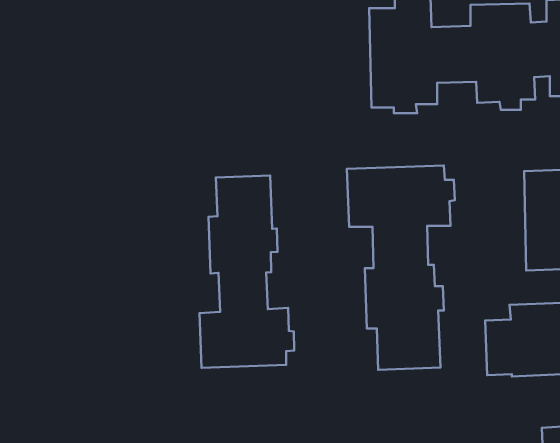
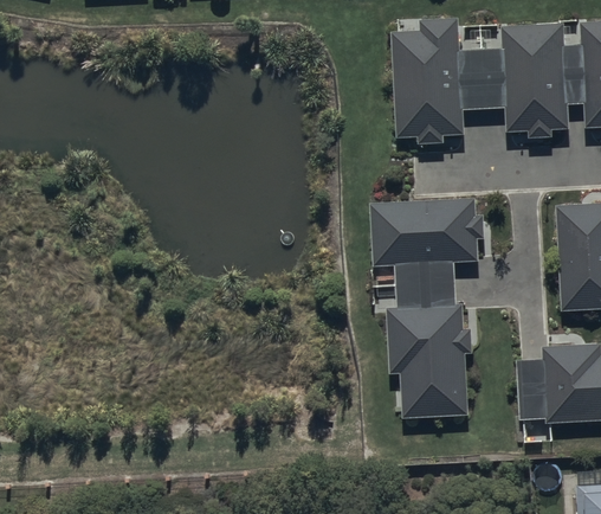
building: [200,175,294,368] -> none

